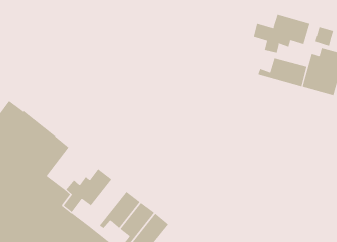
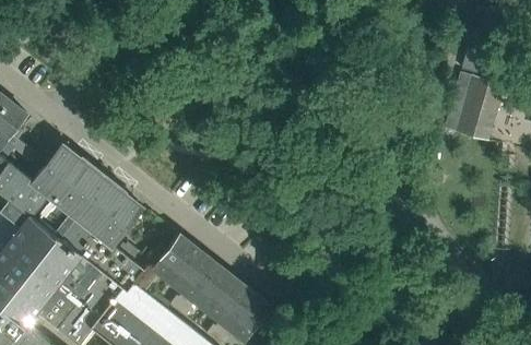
building: [253,14,310,54] -> none
building: [258,57,307,87] -> none
building: none -> [169,249,215,309]

